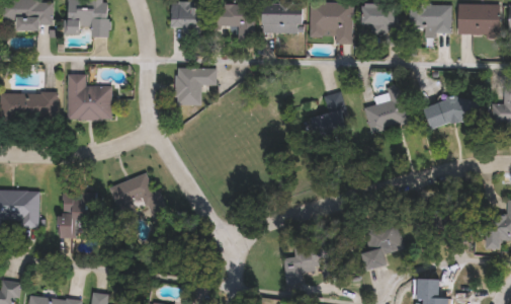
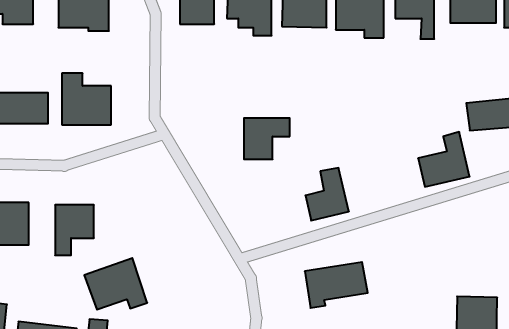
building: [175,69,216,105] -> [244,118,290,159]
building: [364,83,410,132] -> [418,132,470,187]
building: [311,93,349,140] -> [305,168,349,221]
building: [109,171,165,217] -> [84,258,147,310]
building: [361,222,402,270] -> none

